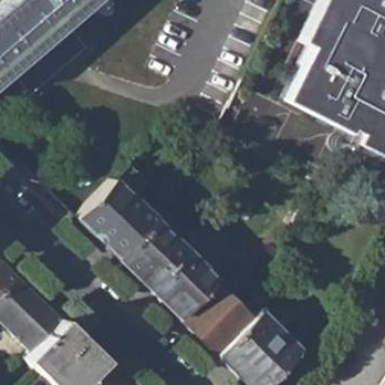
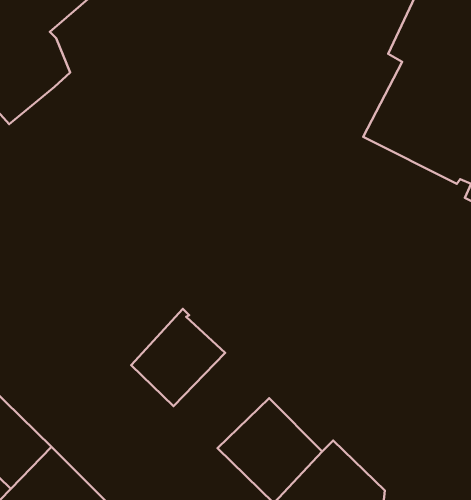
building: [79,179,157,260] -> none
building: [150,251,218,319] -> none

